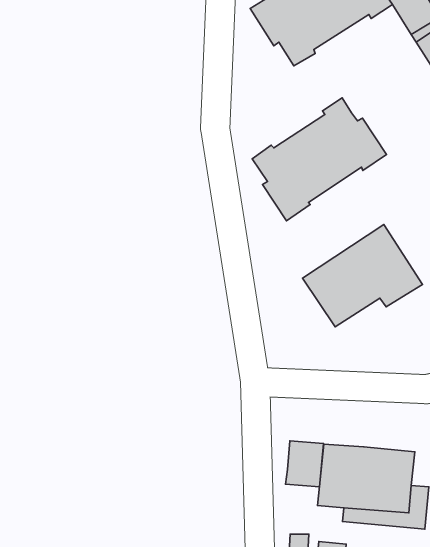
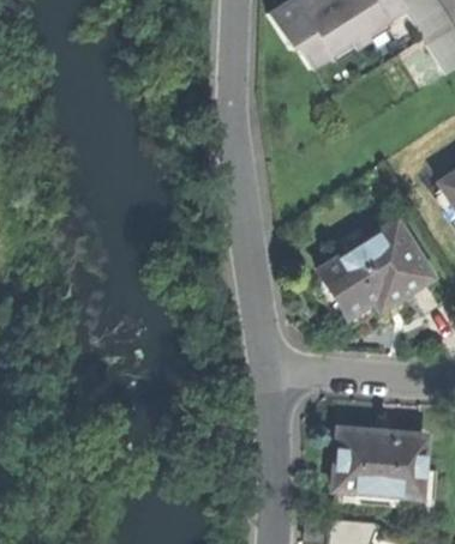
building: [252,98,387,221] -> none
building: [286,441,324,487] -> none

